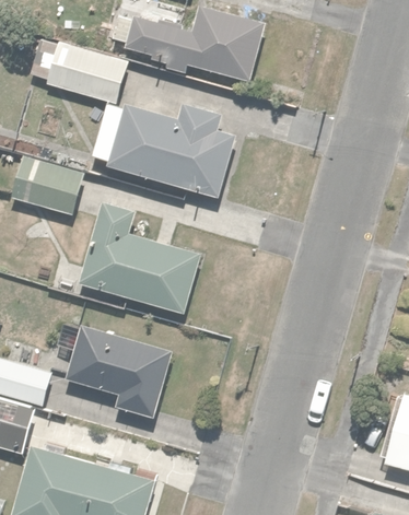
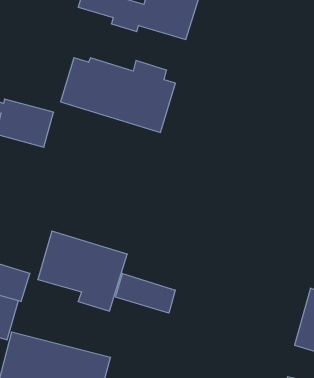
building: [33,47,126,103] -> none
building: [78,202,204,313] -> none
building: none -> [115,273,175,313]

